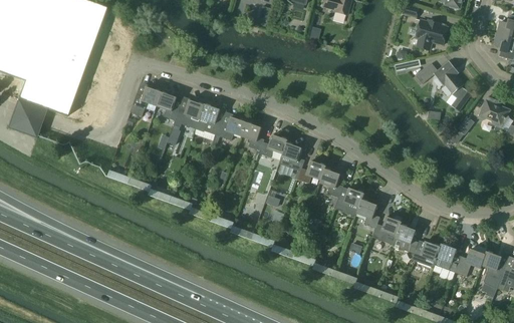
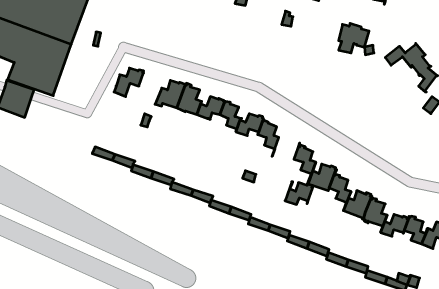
building: [417,19,449,50] -> [339,23,369,53]
building: [157,90,181,124] -> none
building: [297,159,326,184] -> [285,182,313,204]

